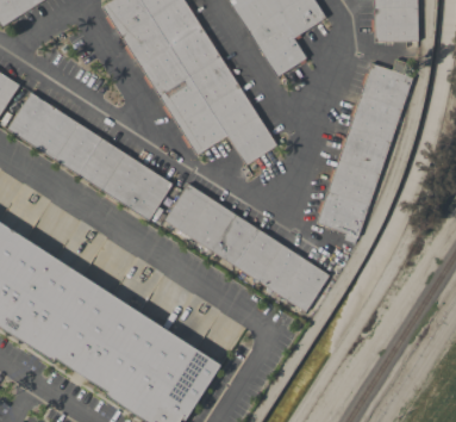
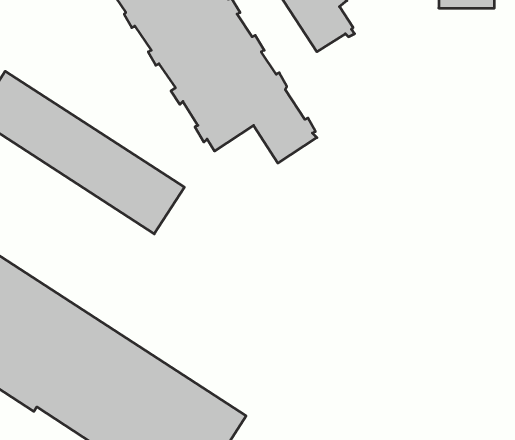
building: [317,58,413,243] -> none
building: [164,182,330,311] -> none

